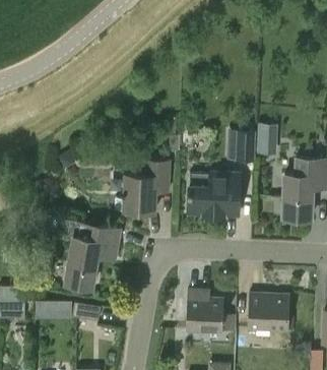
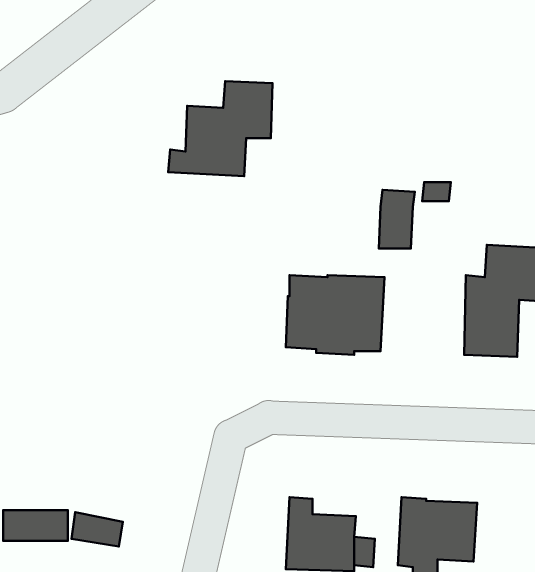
building: [115,163,171,213] -> [168,81,273,176]
building: [65,223,121,289] -> none

